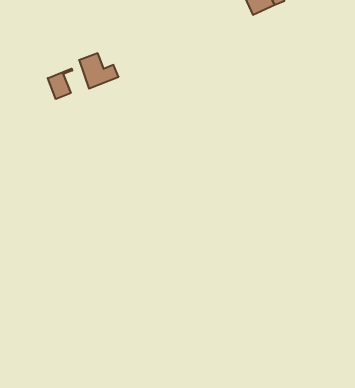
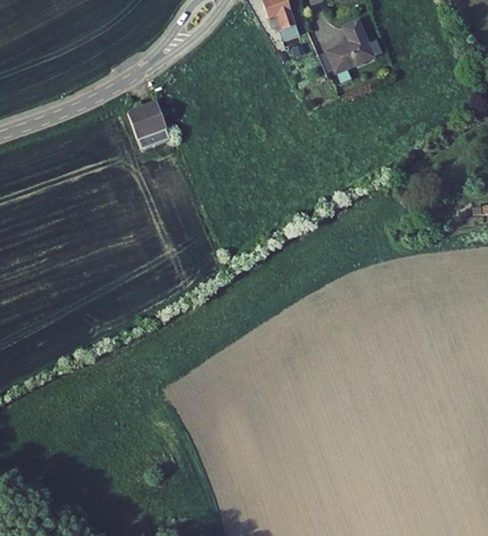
building: [48,69,72,99] -> none

